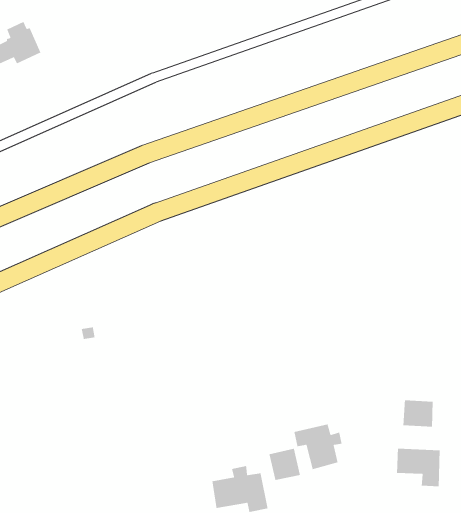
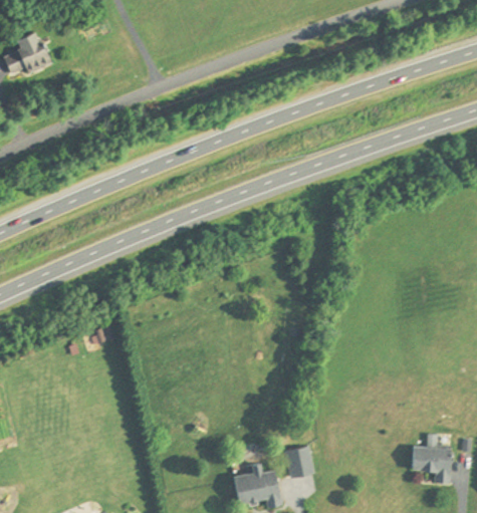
building: [402,399,434,427] -> none
building: [293,424,342,470] -> none

